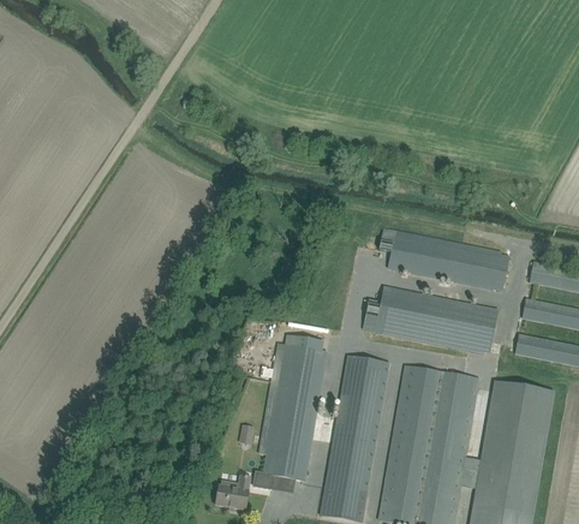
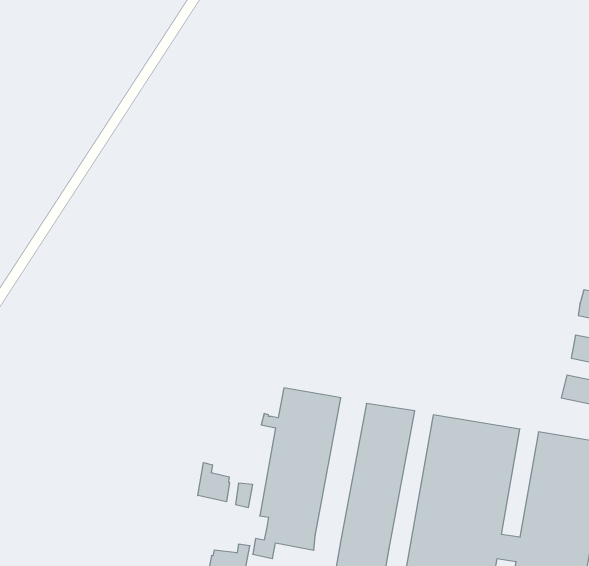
building: [377,226,508,290] -> none
building: [362,286,499,352] -> none
building: none -> [198,463,230,502]

